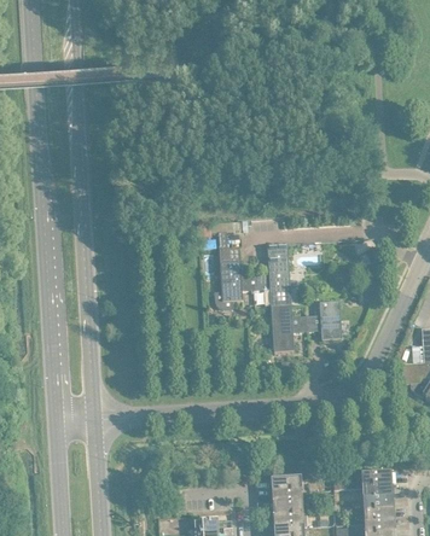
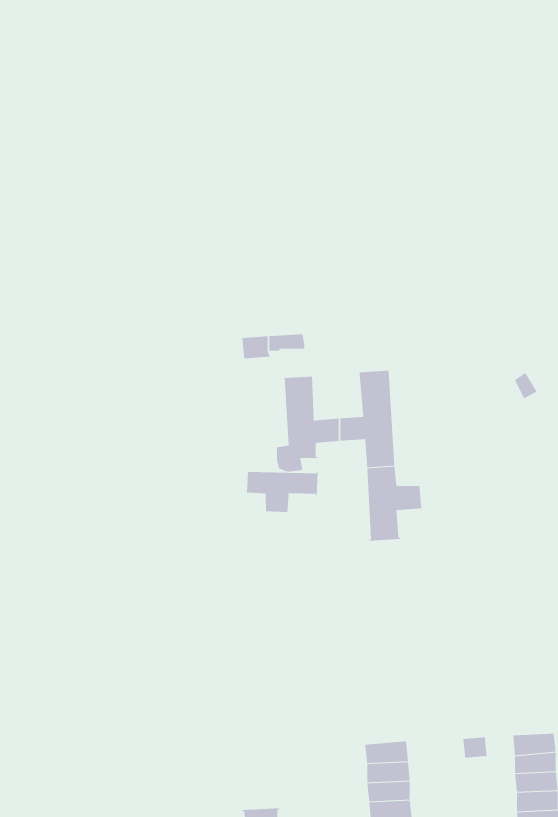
building: [306,299,341,338] -> none
building: none -> [246,471,318,513]

